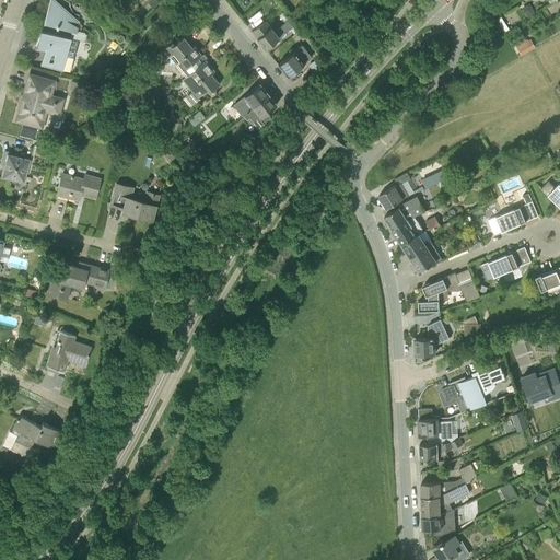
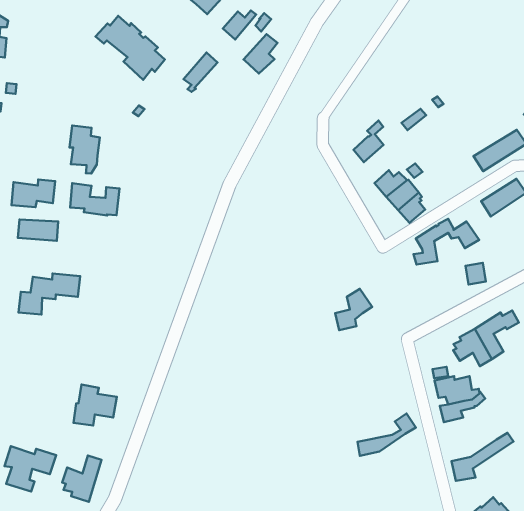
building: [243,95,277,130] -> [243,34,278,74]
building: none -> [69,125,100,173]
building: [385,199,424,230] -> none
building: none -> [18,220,58,241]
building: [416,320,451,355] -> [335,289,372,330]
building: [47,331,91,371] -> [74,385,117,426]
building: none -> [62,456,102,502]
building: [422,465,478,497] -> [358,413,416,456]
building: [423,511,453,536] -> none

